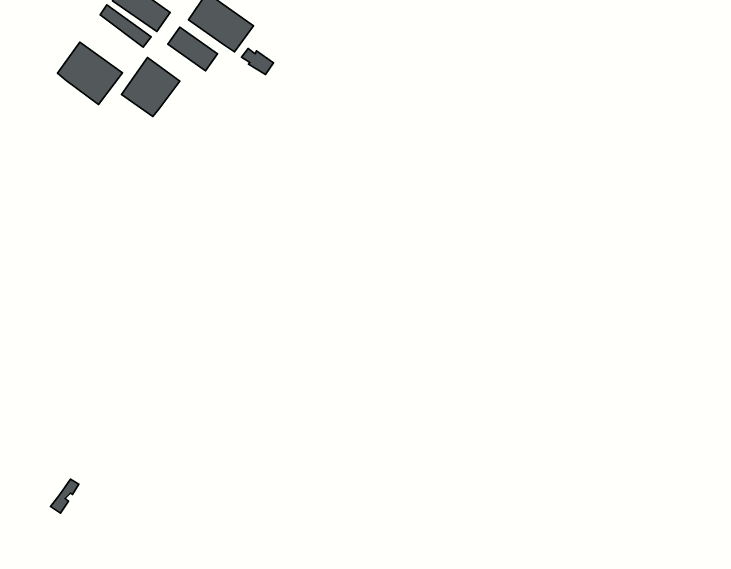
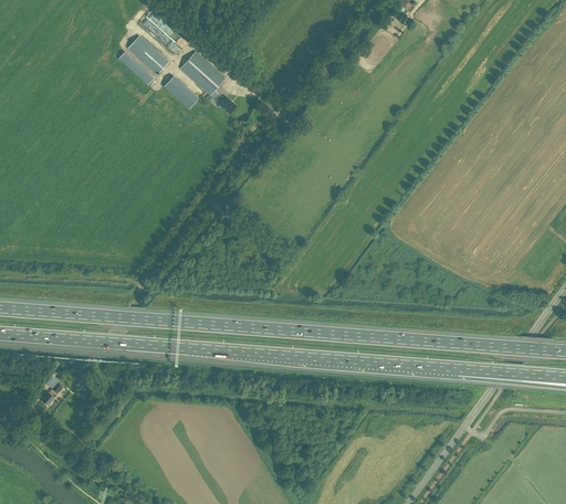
building: [57,42,122,105] -> none
building: [121,57,180,117] -> none

